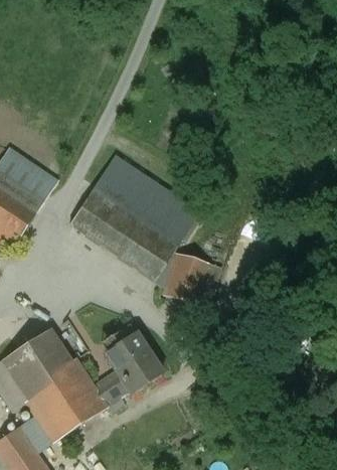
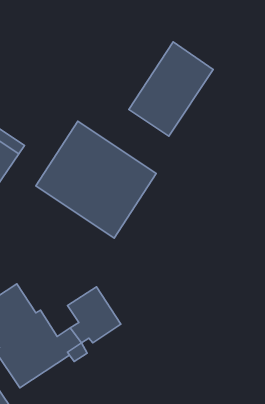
building: none -> [129,42,213,136]
building: [165,253,221,308] -> none

